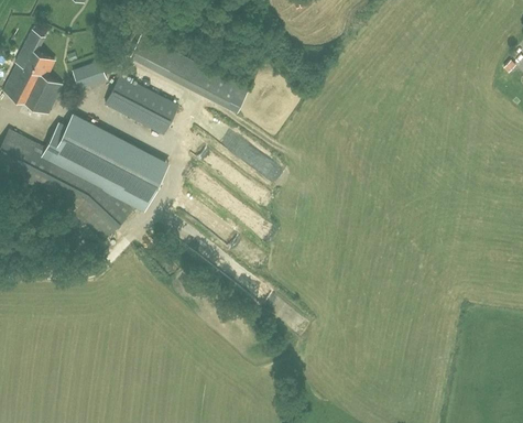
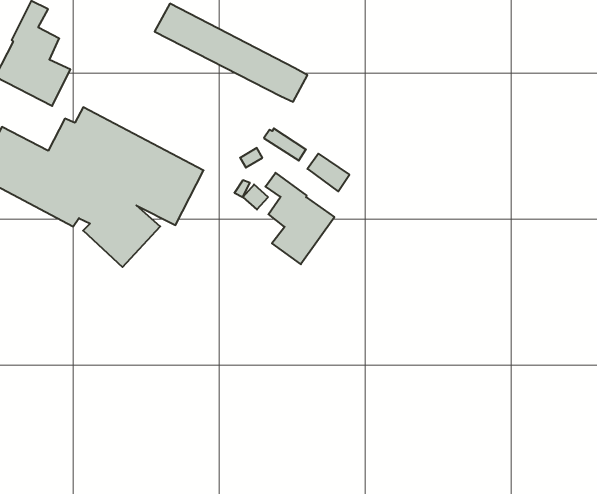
building: [73,62,106,89] -> none
building: [105,75,178,133] -> none
building: none -> [265,173,334,264]

